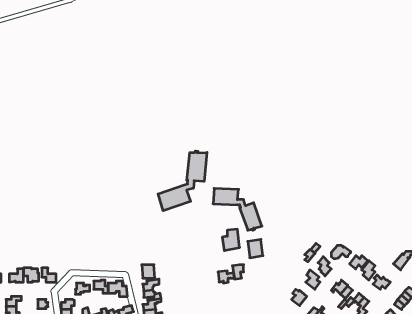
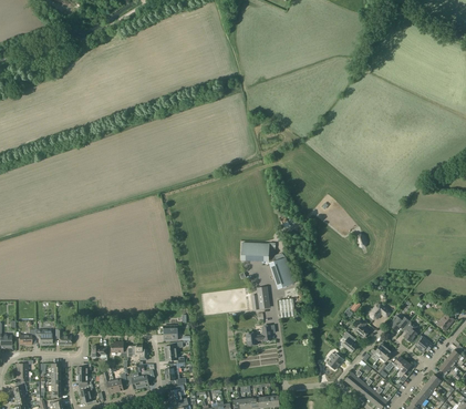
building: [158,151,207,211] -> none

